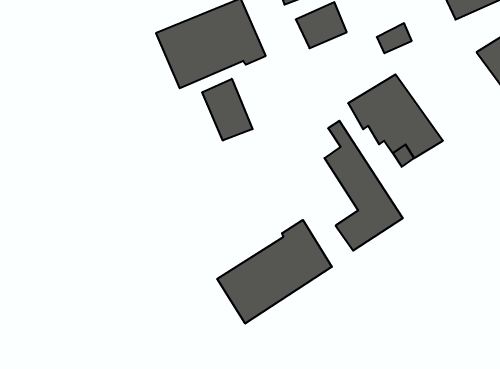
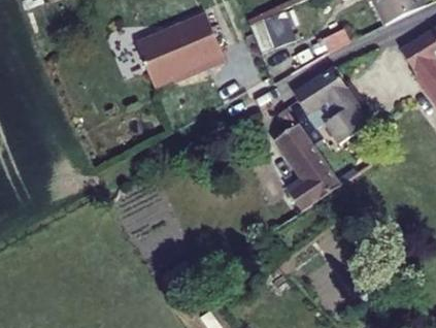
building: [202,79,253,141] -> none
building: [217,220,332,324] -> none

